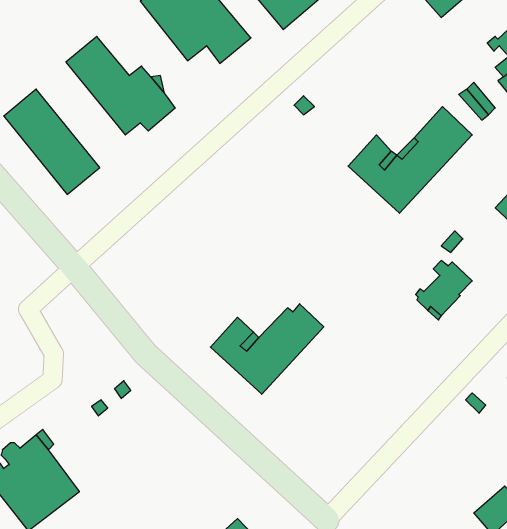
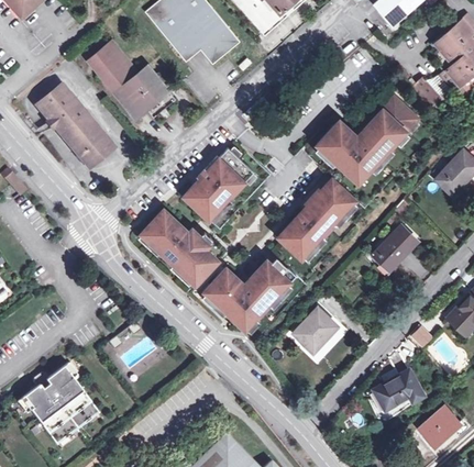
building: none -> [184,149,254,221]
building: none -> [279,179,356,260]
building: none -> [142,211,218,286]
building: none -> [294,308,338,352]
building: none -> [373,369,425,410]

